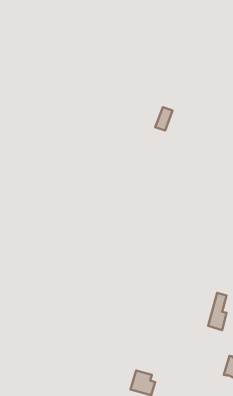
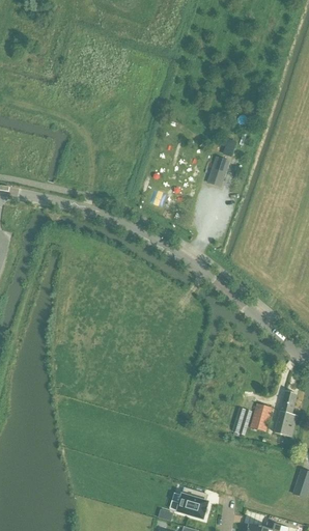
building: none -> [250,402,272,430]

